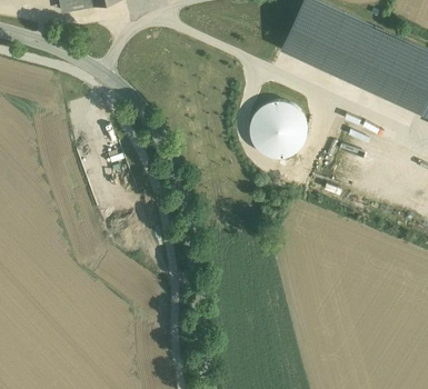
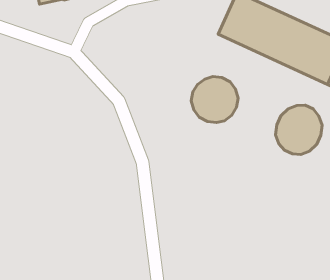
building: none -> [276,105,322,154]

